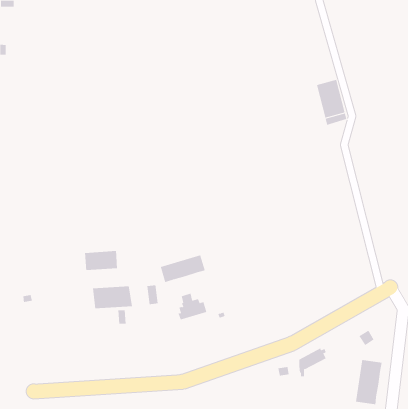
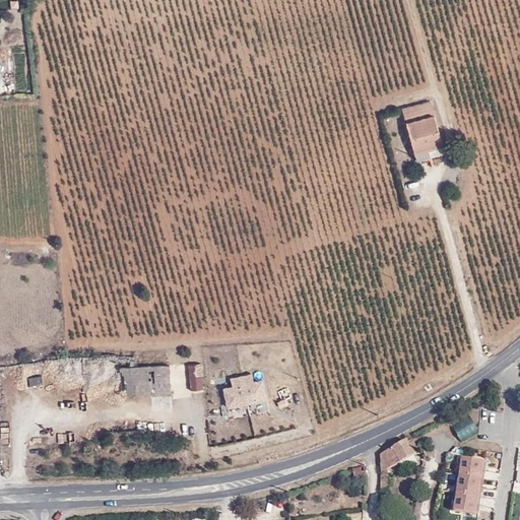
building: [85,250,117,271] -> none
building: [160,255,205,283] -> none

